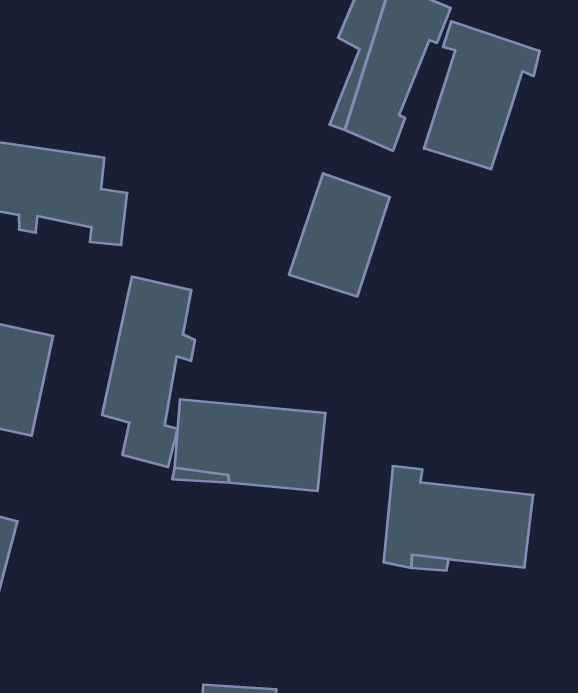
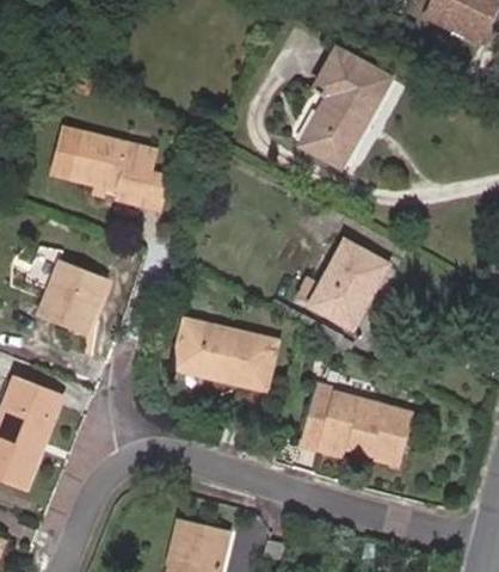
building: [424,21,539,169] -> none
building: [289,173,390,296] -> [307,240,380,324]
building: [102,277,195,467] -> none

